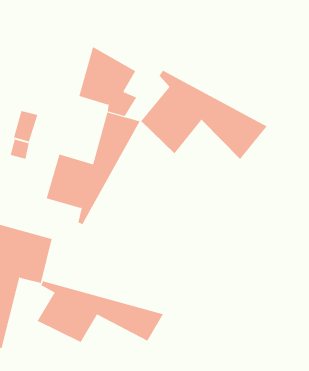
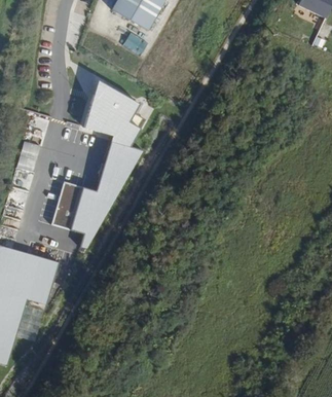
building: [141,70,267,160] -> none
building: [37,281,164,343] -> none

